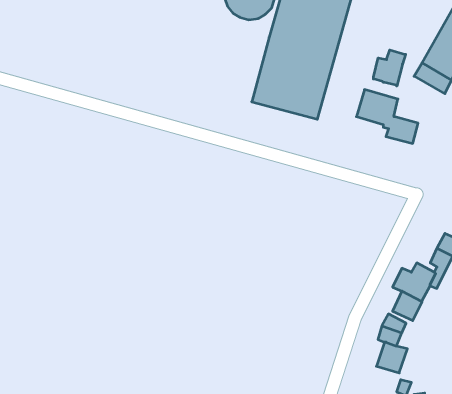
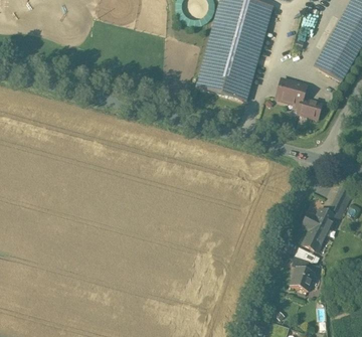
building: [373,50,406,86] -> none

